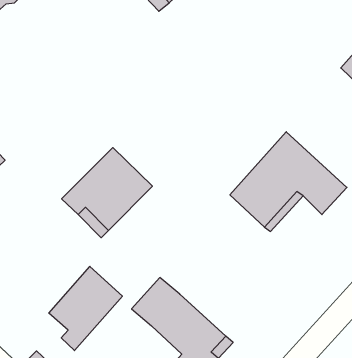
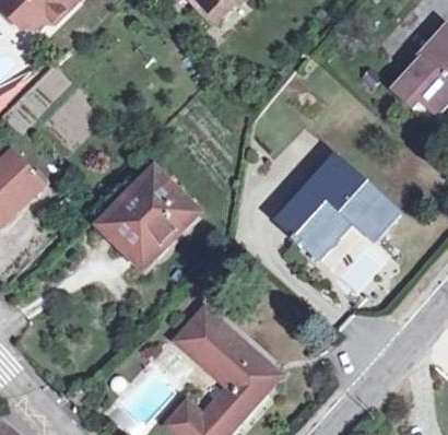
building: [49,266,122,351] -> none

